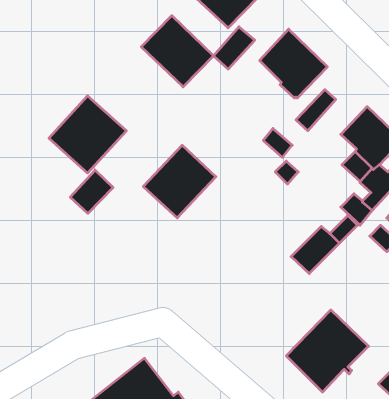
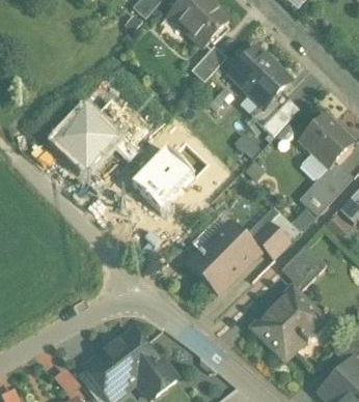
building: [141,16,214,87] -> none
building: [70,170,113,213] -> none
building: none -> [189,222,259,292]
building: none -> [281,245,327,290]

